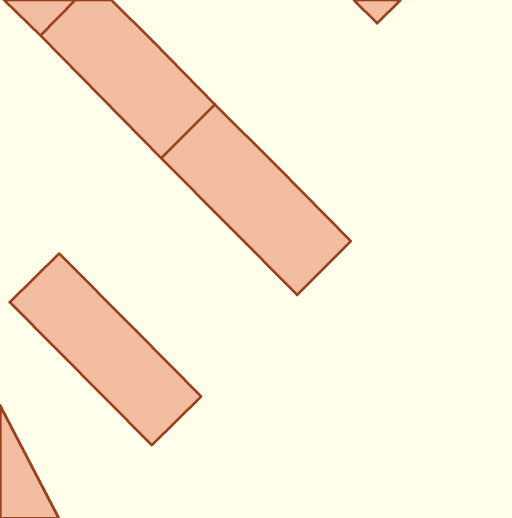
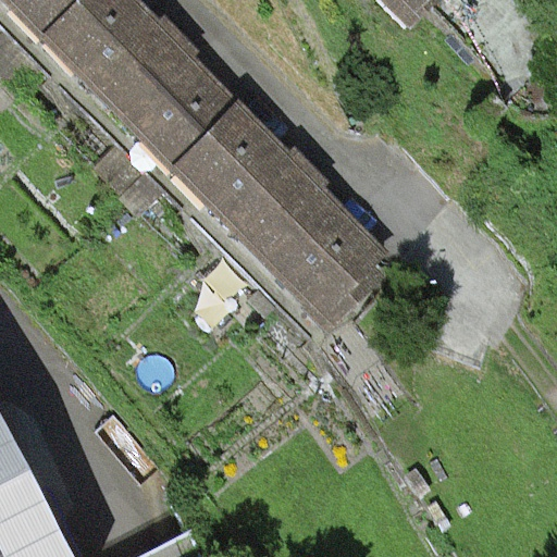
building: [10,254,201,445] -> none

